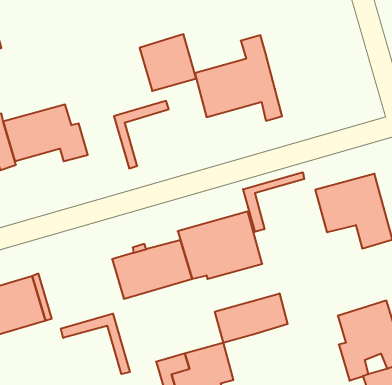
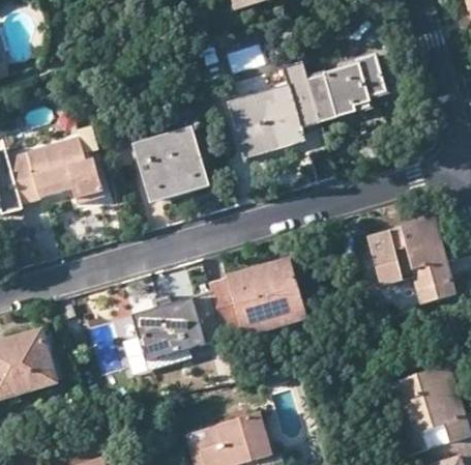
building: none -> [308,52,385,117]
building: [140,34,196,91] -> [146,141,211,206]
building: [243,172,304,232] -> none
building: [215,293,288,343] -> none
building: [61,314,130,374] -> none

